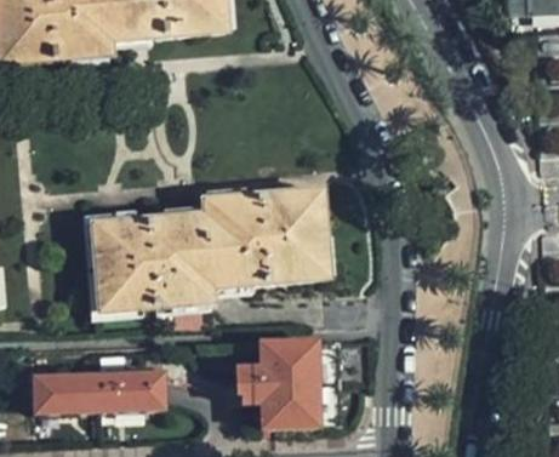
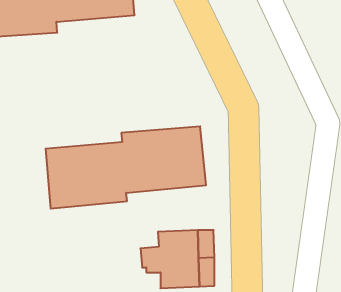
building: [36,375,164,410] -> none

